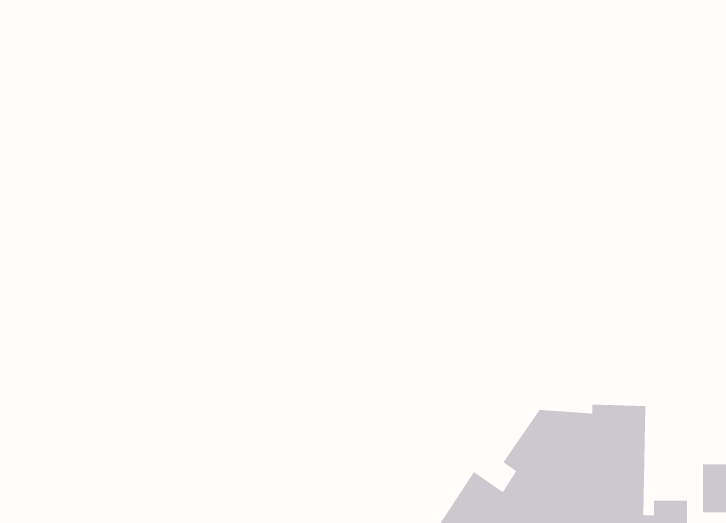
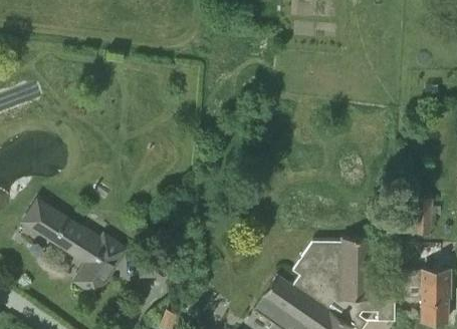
building: none -> [23,201,125,295]

